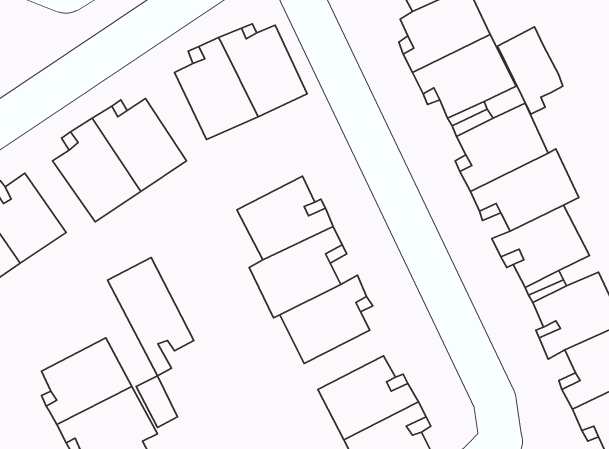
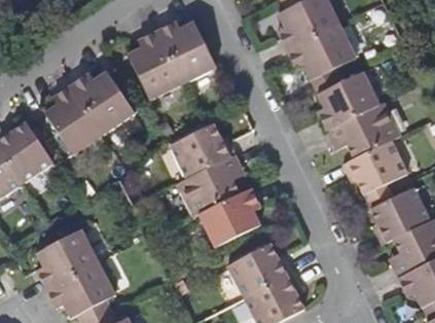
building: [497,27,563,114] -> none
building: [107,257,194,376] -> none

